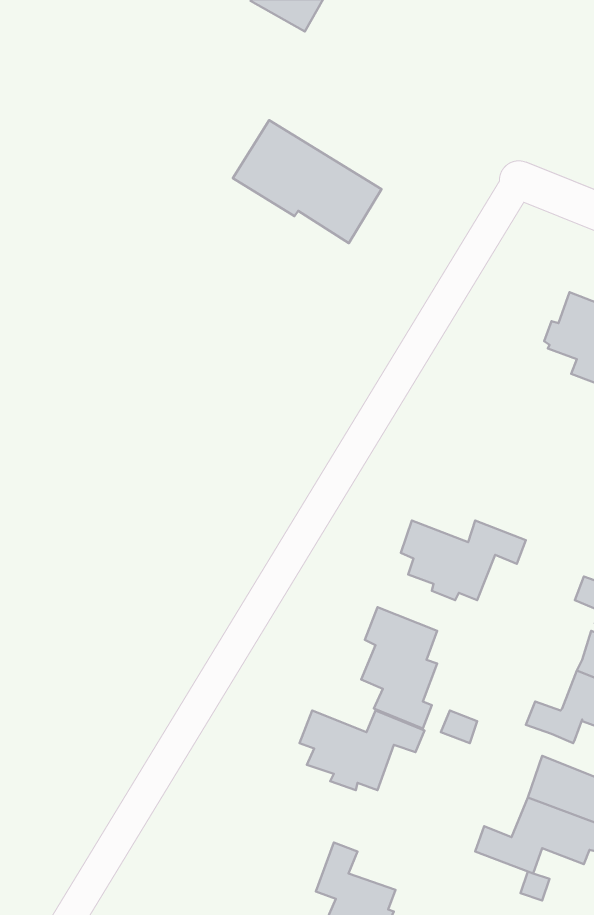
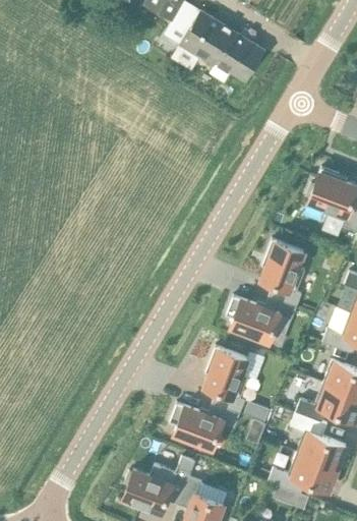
building: [233,120,381,243] -> [181,11,264,80]
building: none -> [261,238,304,305]
building: none -> [122,457,195,512]

